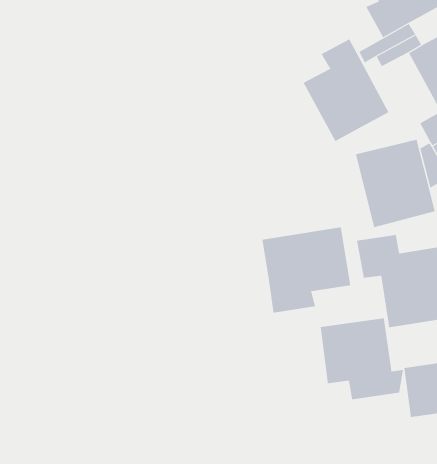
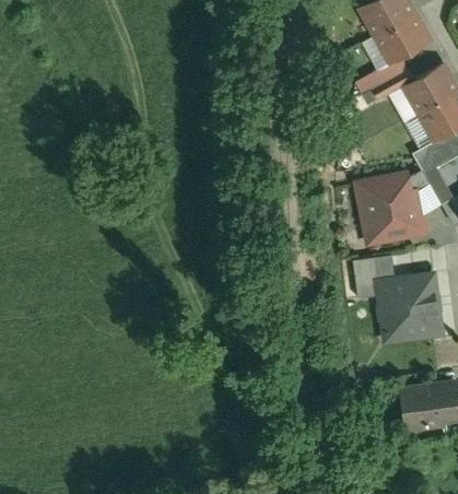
building: [303,38,389,142] -> none
building: [262,226,351,313] -> none
building: [320,318,404,400] -> none

